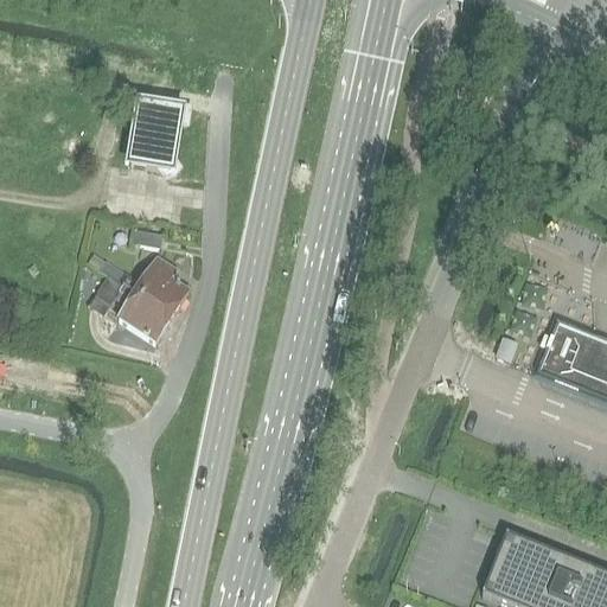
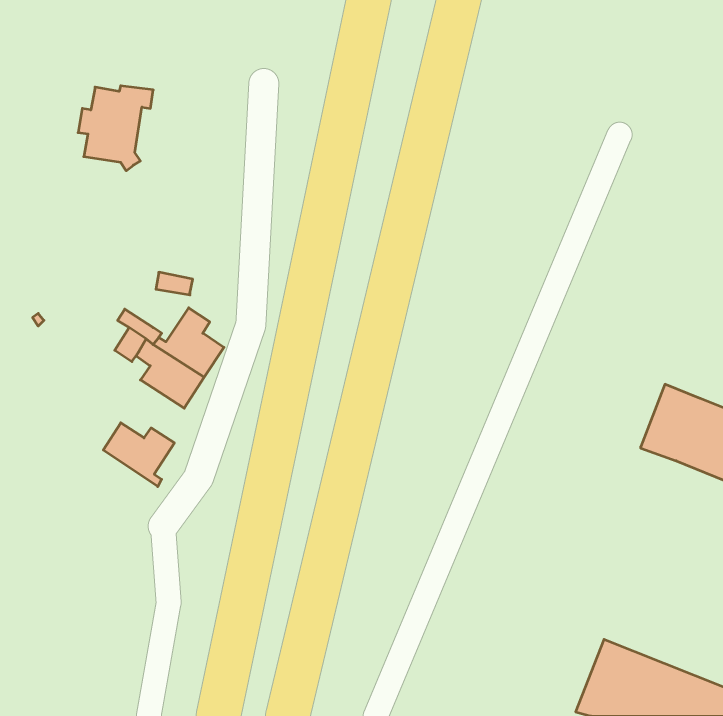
building: [126,103,189,174] -> [78,86,153,171]
building: none -> [103,423,174,487]

